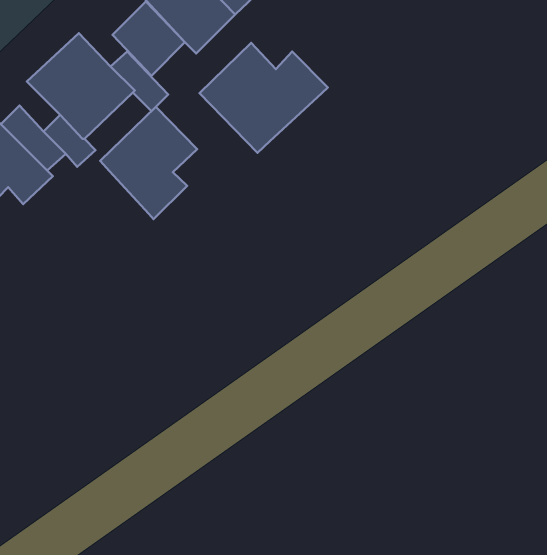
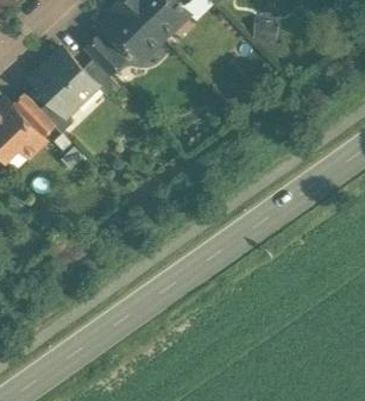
building: [200,43,328,153] -> none
building: [100,107,197,219] -> none

